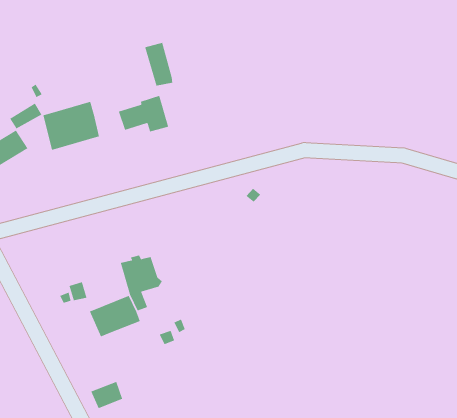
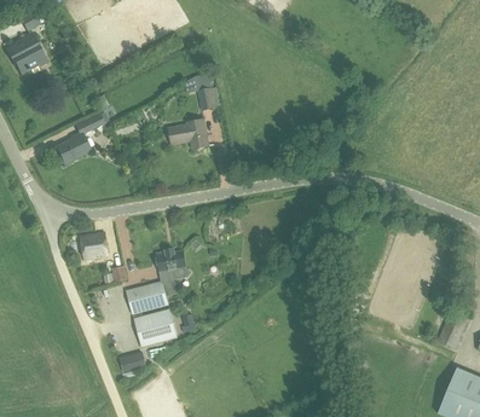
building: [42,101,100,151] -> none
building: none -> [81,231,108,259]
building: none -> [133,308,178,346]

